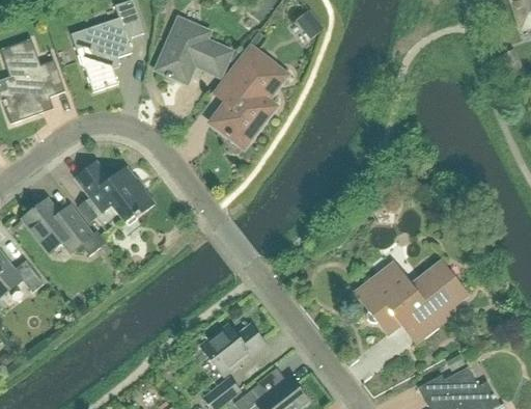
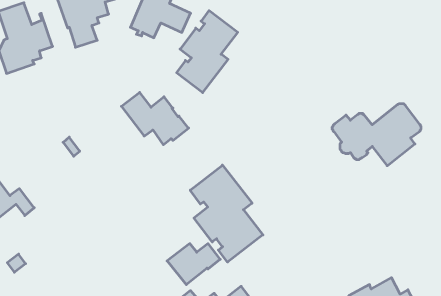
building: [75,160,155,222] -> [121,92,189,145]
building: [23,198,106,255] -> none
building: none -> [190,165,263,262]
building: [358,264,464,337] -> [332,104,421,166]

